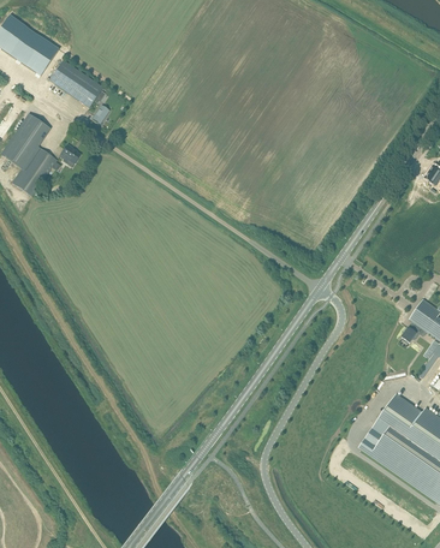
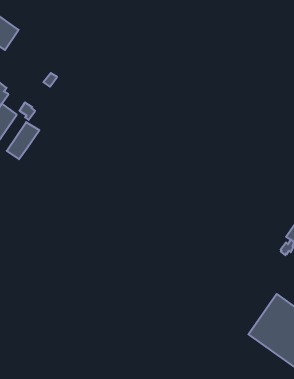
building: [49,59,103,106] -> none
building: none -> [7,122,39,159]

